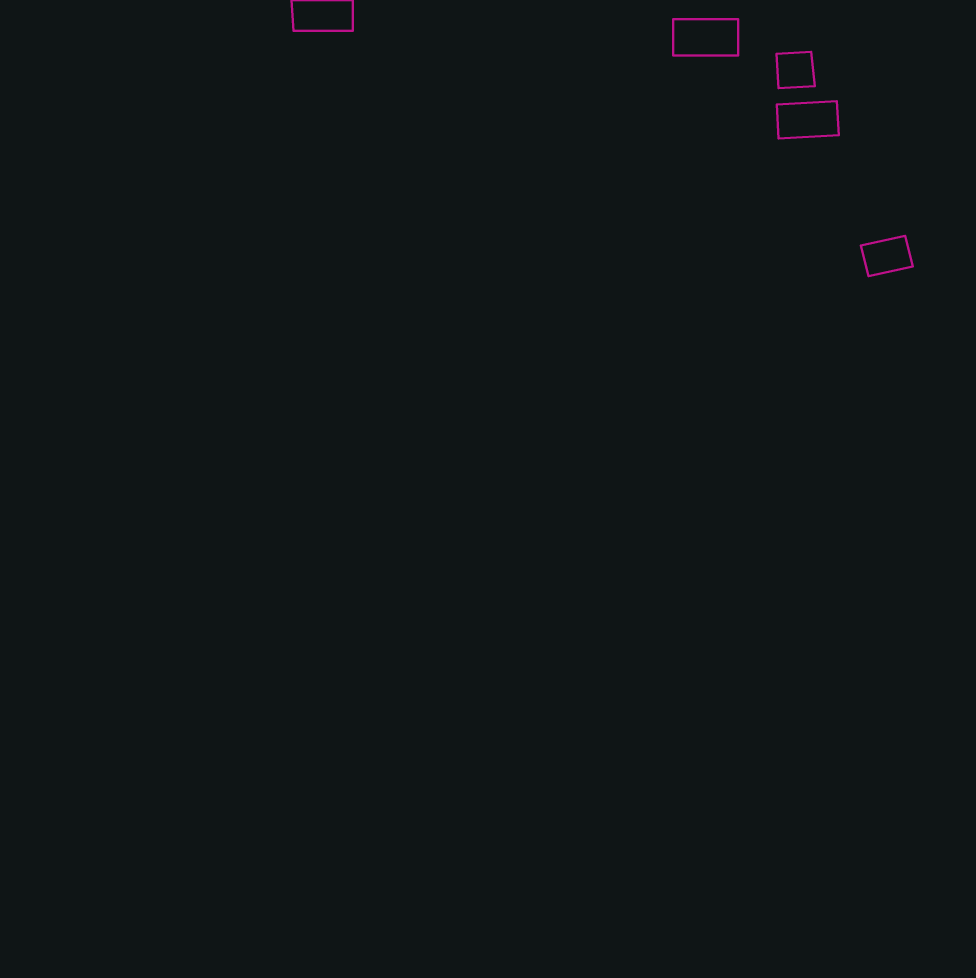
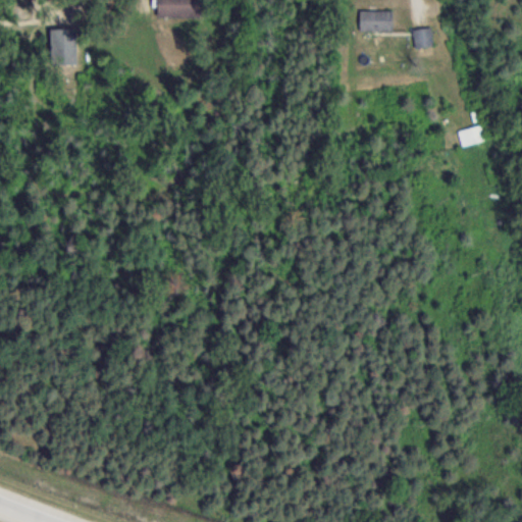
building: none -> [51,30,73,65]
building: [777,101,839,138] -> none

